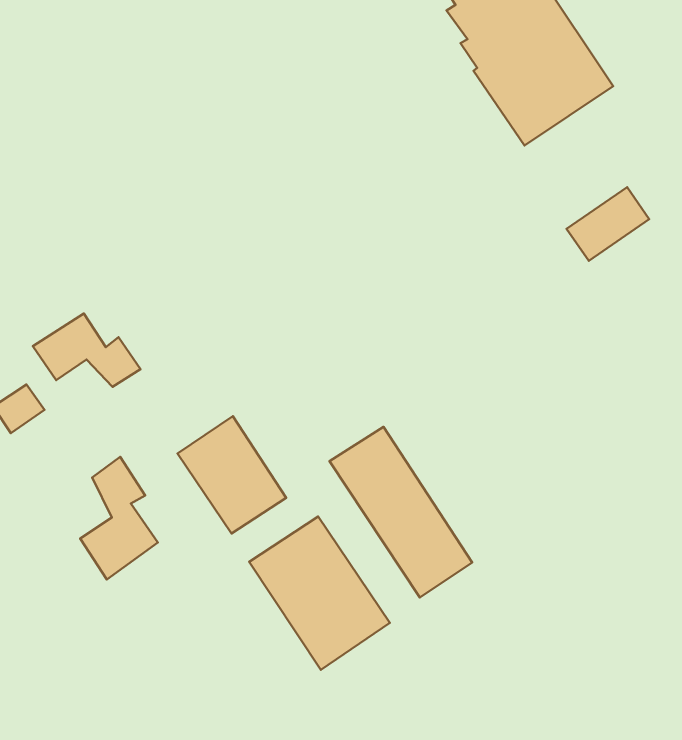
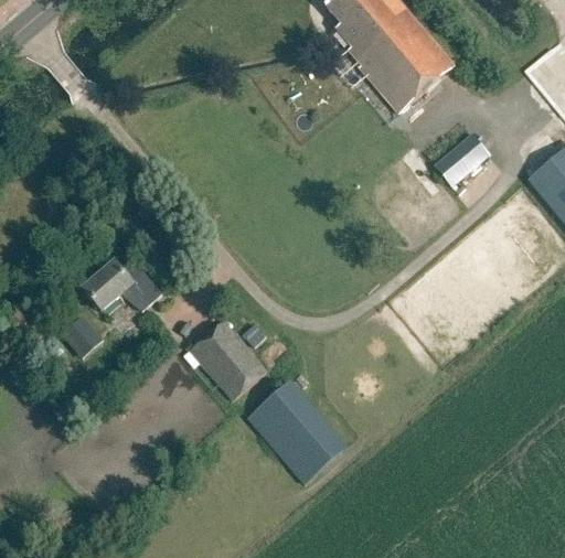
building: [330,427,472,598] -> none
building: [80,457,158,579] -> none

